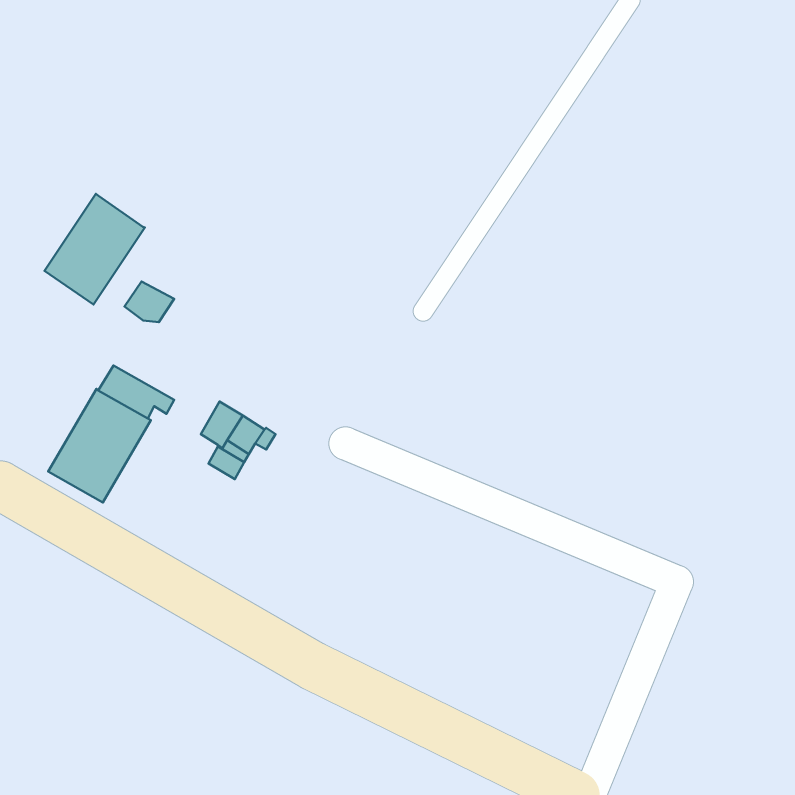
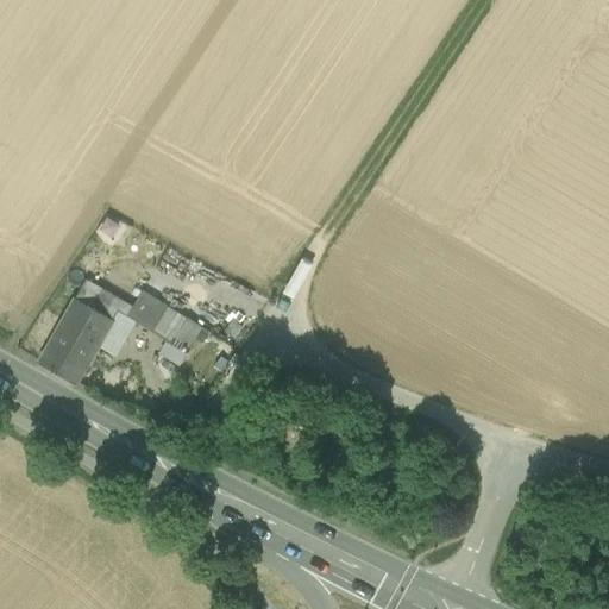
building: [44,194,145,304] -> none
building: none -> [127,290,169,332]

